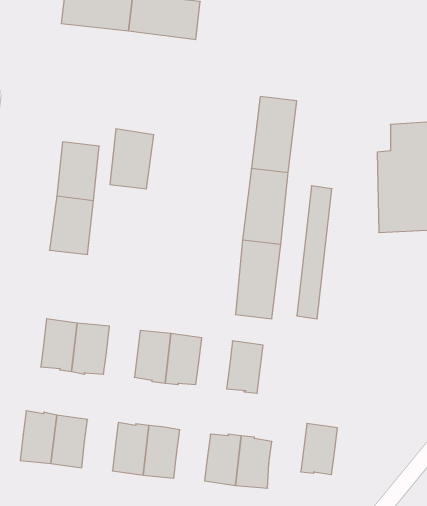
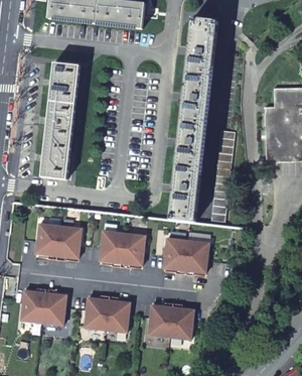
building: none -> [185,20,216,73]
building: [110,129,154,189] -> [49,62,80,104]
building: [301,423,337,475] -> [183,241,208,276]

